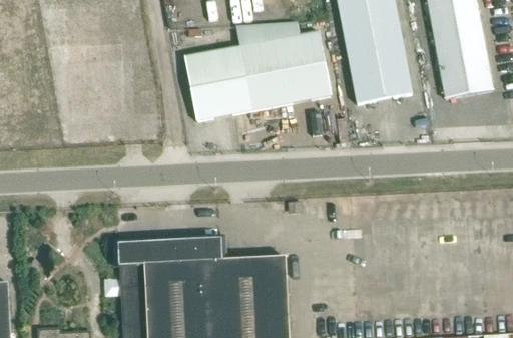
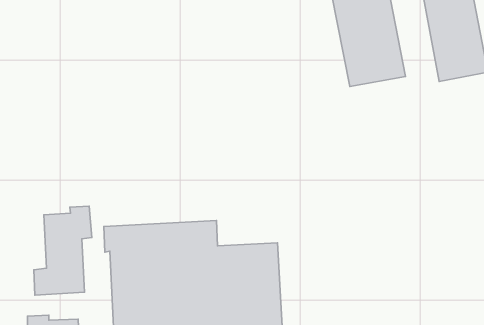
building: [184,21,331,119] -> none
building: none -> [34,206,92,295]

